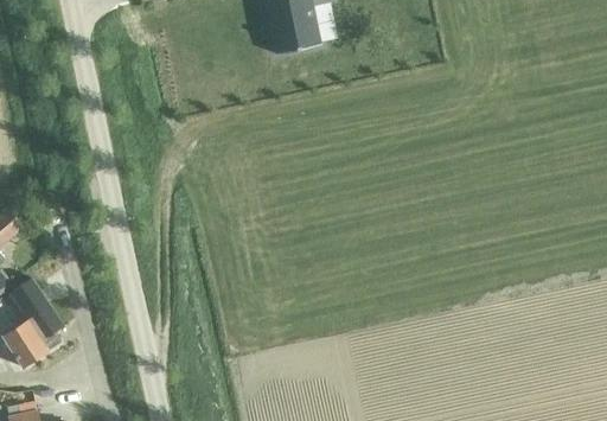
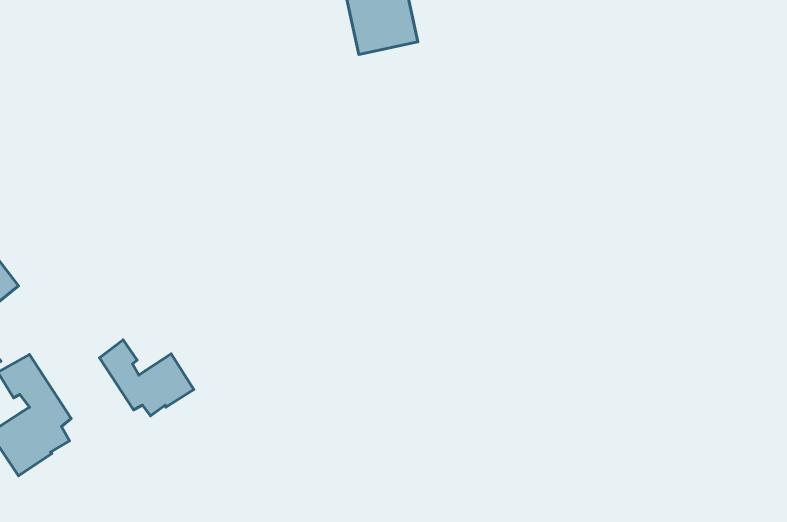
building: none -> [100,340,194,416]

